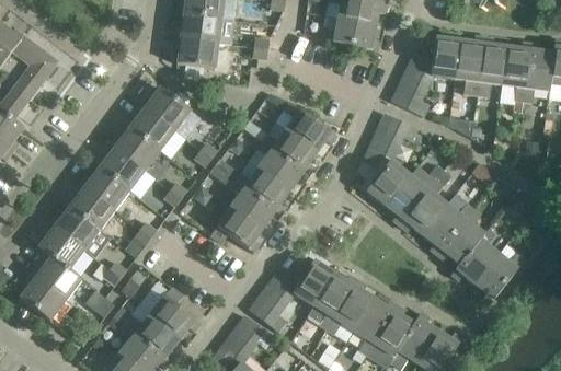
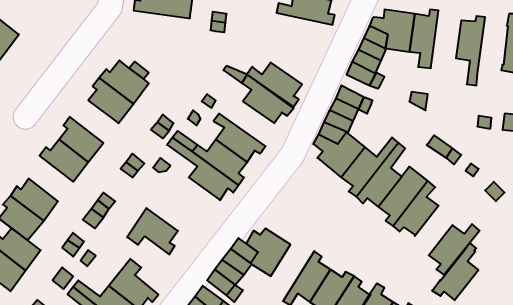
building: [174,36,231,69] -> none
building: [477,36,507,96] -> none
building: [524,43,554,101] -> none
building: [111,127,160,170] -> none
building: [262,128,318,173] -> [247,62,302,107]
building: [69,183,114,229] -> none
building: [211,205,263,252] -> [127,208,178,255]
building: [451,225,499,283] -> [432,243,478,300]
building: [308,273,358,328] -> none

